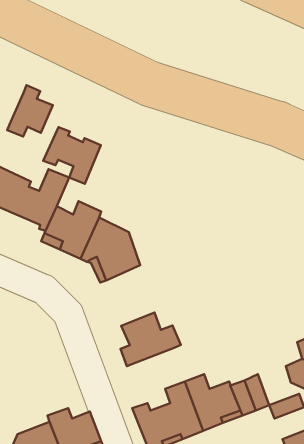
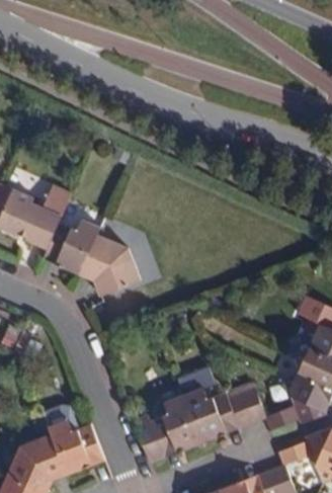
building: [7,85,53,136] -> none
building: [43,127,101,184] -> none
building: [121,312,181,366] -> none

